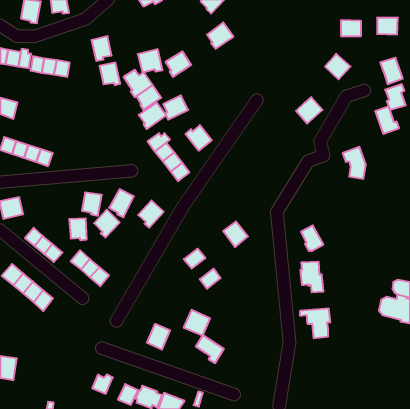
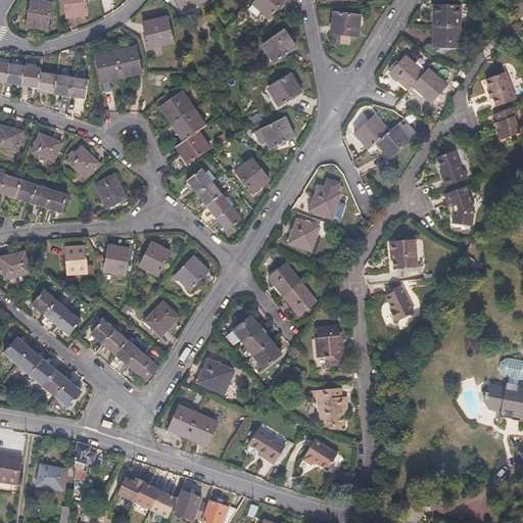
building: none -> [333,11,362,36]
building: [377,18,398,35] -> [434,5,461,27]
building: none -> [392,56,425,89]
building: [138,49,163,72] -> [143,16,175,46]
building: [166,51,191,77] -> [270,74,302,106]
building: [99,63,120,85] -> [96,51,123,80]
building: none -> [355,115,388,148]
building: [163,95,188,120] -> [264,117,295,148]
building: none -> [32,133,61,161]
building: [375,106,399,134] -> [431,151,462,186]
building: none -> [66,146,98,178]
building: none -> [95,174,126,207]
building: none -> [311,181,340,217]
building: none -> [290,220,326,249]
building: none -> [390,238,417,268]
building: none -> [269,263,300,294]
building: [94,210,120,238] -> [146,301,179,337]
building: [69,219,87,240] -> [64,246,87,274]
building: none -> [244,329,272,355]
building: [300,262,324,292] -> [317,325,346,364]
building: none -> [128,350,157,380]
building: none -> [55,380,82,408]
building: [300,309,330,338] -> [310,387,348,425]
building: [184,310,210,335] -> [199,360,233,392]
building: none -> [169,405,197,436]
building: none -> [303,437,338,468]
building: none -> [75,442,95,480]
building: none -> [37,465,66,489]
building: none -> [135,482,159,509]

